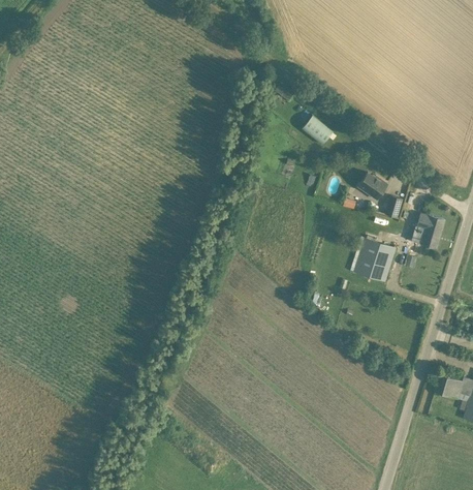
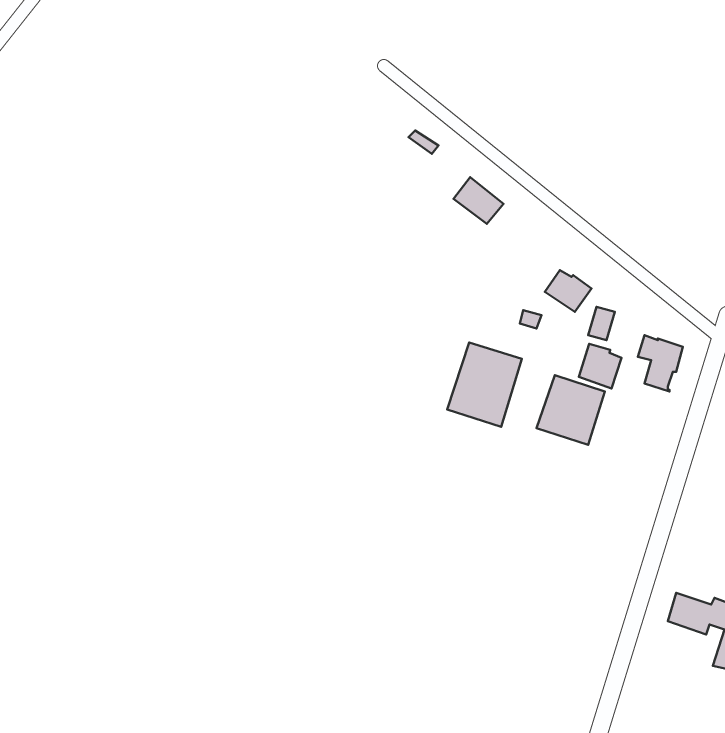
building: none -> [447,343,522,427]
building: none -> [579,344,621,388]

